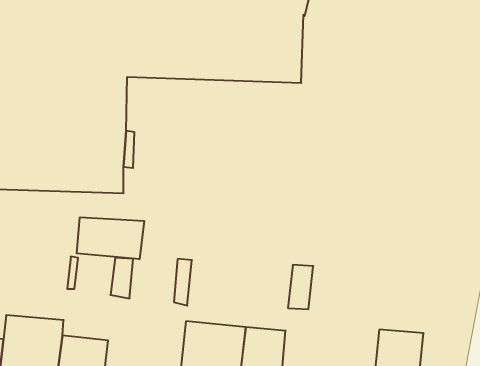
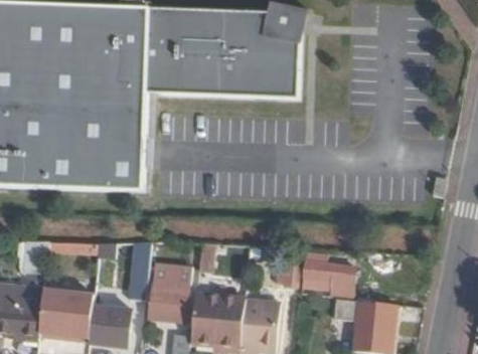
building: [77,217,144,259] -> none
building: none -> [305,254,354,299]
building: none -> [149,286,188,324]

